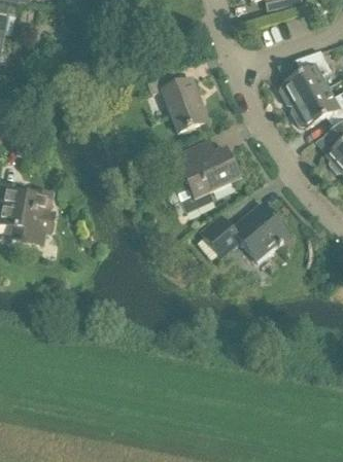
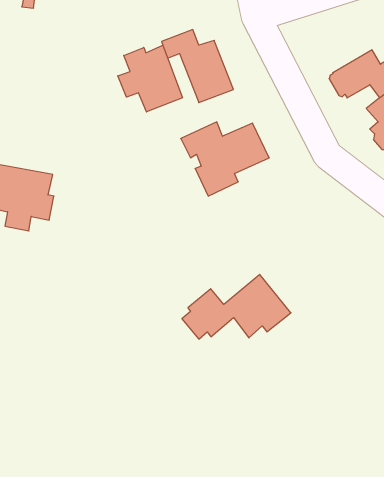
building: [280,50,332,106] -> none
building: none -> [118,45,183,112]
building: [197,203,290,258] -> [182,274,291,339]

